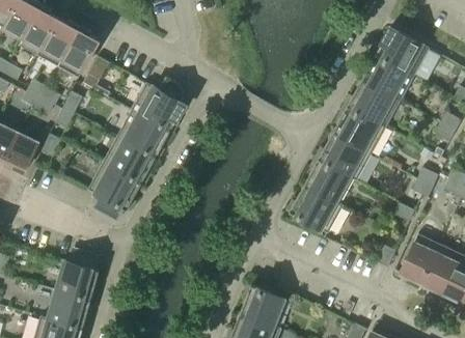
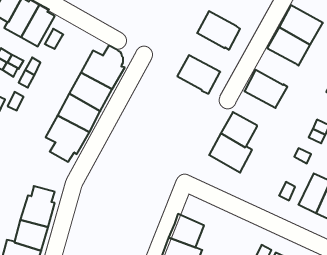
building: [347,80,400,128] -> [197,11,240,50]
building: [319,133,372,180] -> [177,55,220,94]

